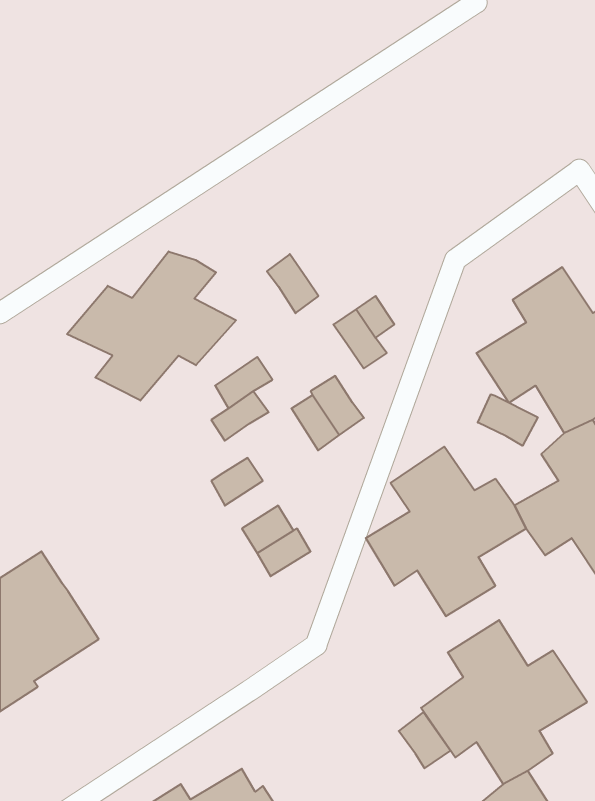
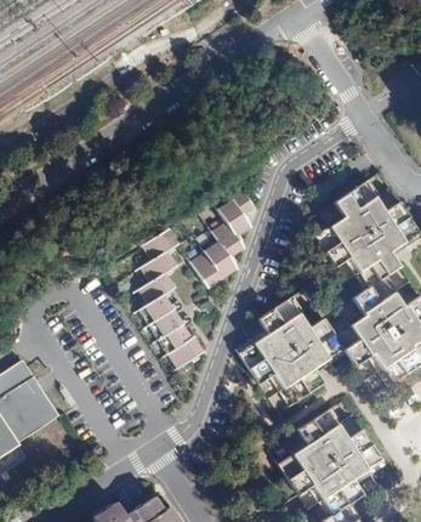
building: [67,251,236,401] -> none
building: [267,254,318,313] -> [210,226,243,263]
building: [478,394,538,446] -> none
building: none -> [136,277,172,308]
building: none -> [147,313,181,344]
building: [399,713,451,768] -> none

